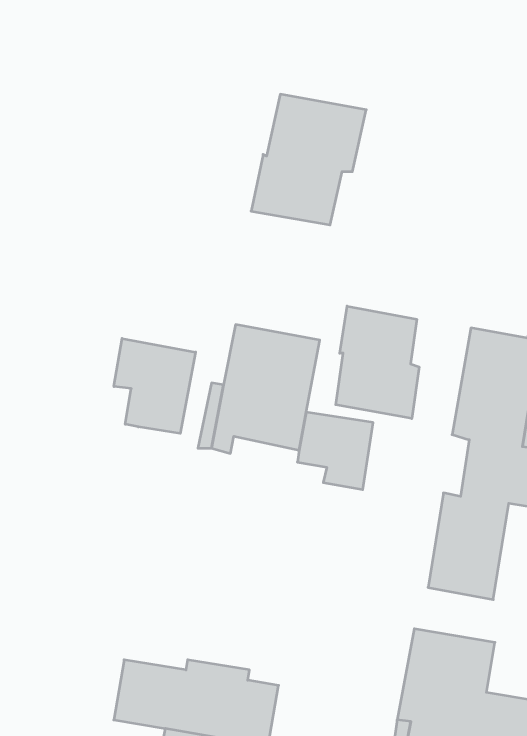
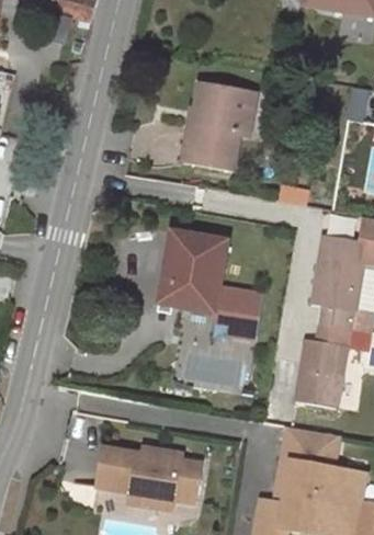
building: [336,306,419,419] -> none
building: [114,338,196,433] -> none

